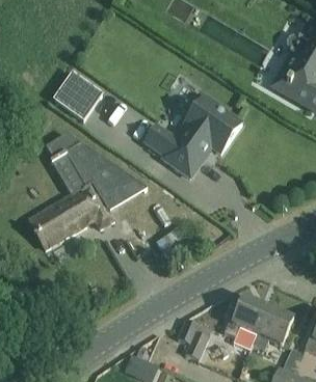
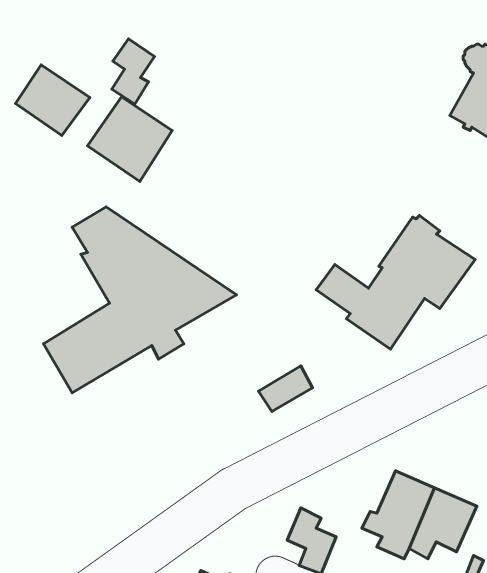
building: none -> [112,39,155,104]
building: none -> [15,65,90,136]
building: [144,94,242,176] -> [316,215,475,349]

